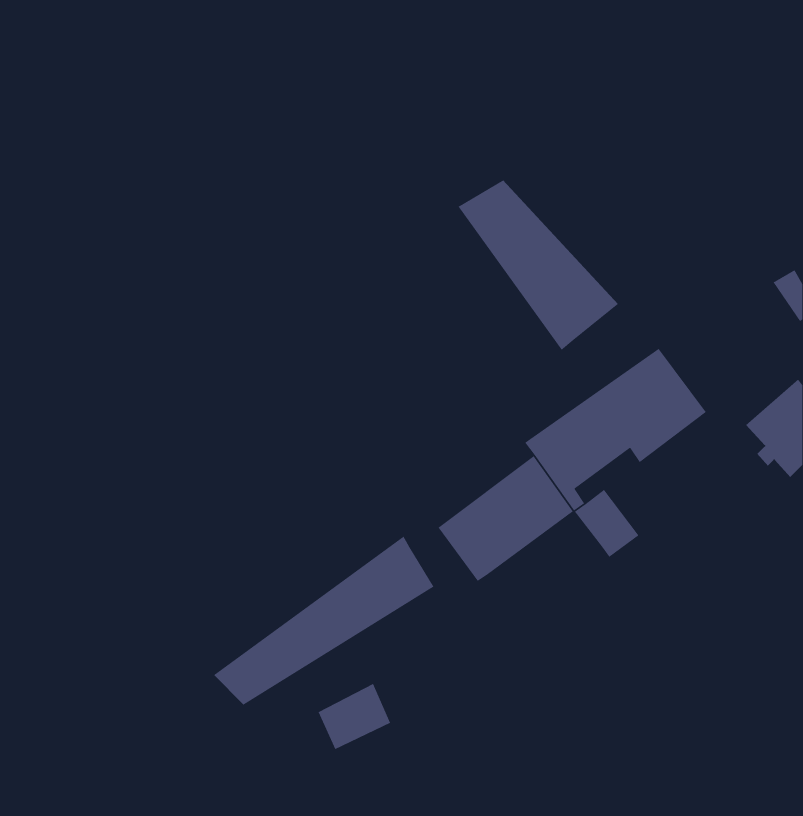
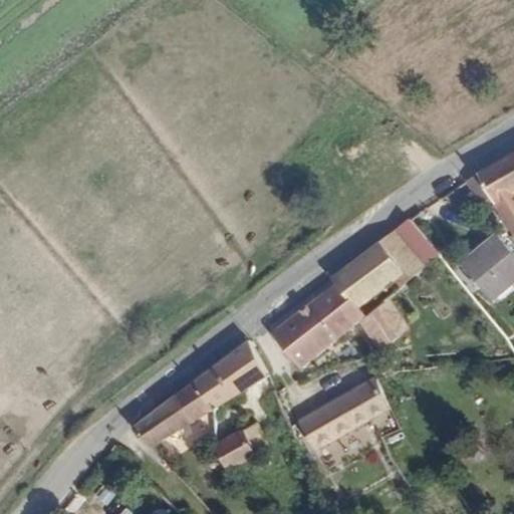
building: [457,180,619,351] -> none
building: none -> [288,378,376,447]

